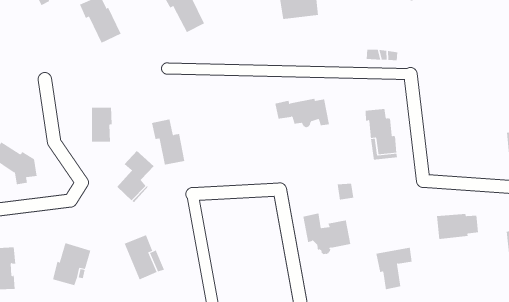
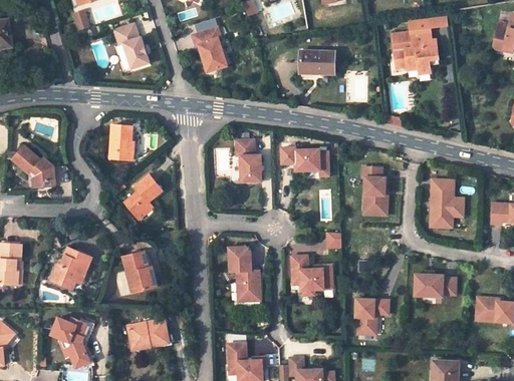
building: none -> [436,182,469,231]
building: [151,119,185,165] -> [235,140,261,182]
building: none -> [228,247,260,302]

